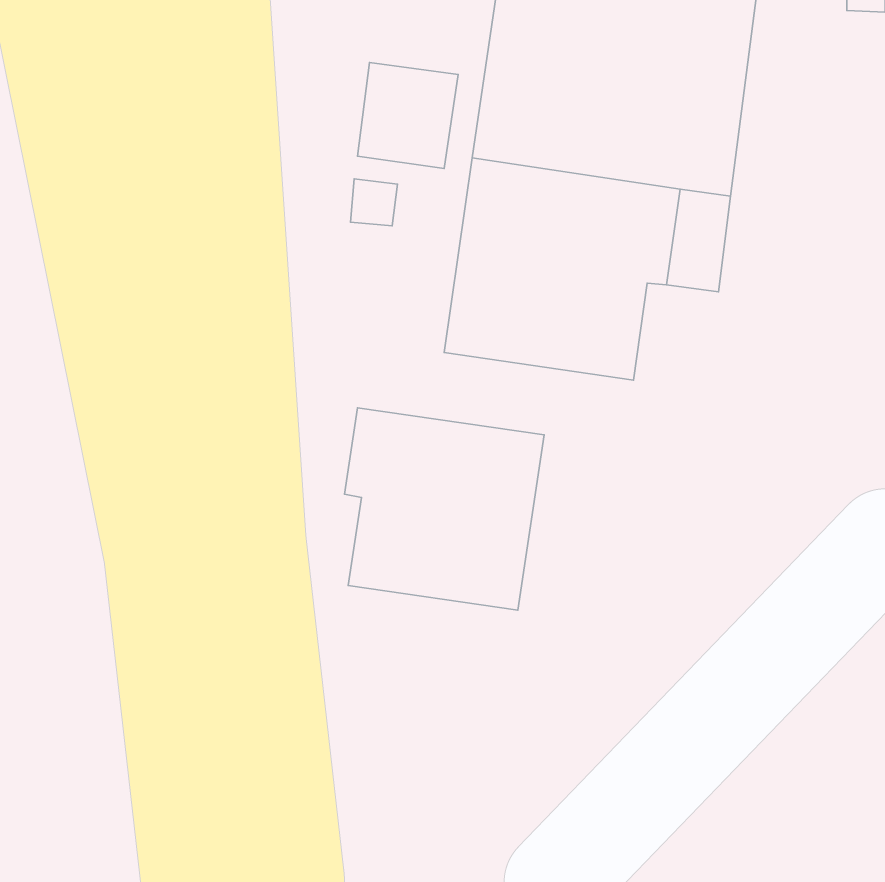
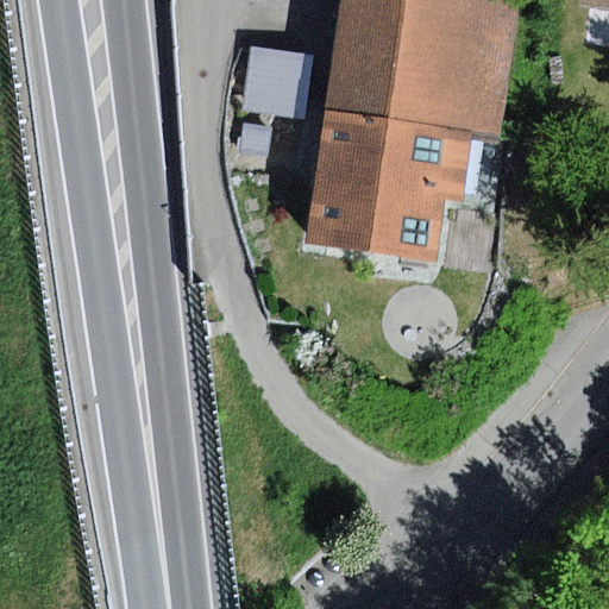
building: [345,408,544,610] -> none

